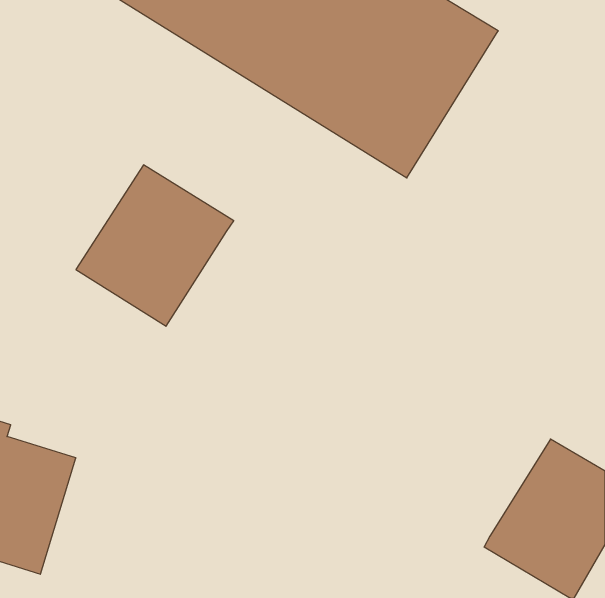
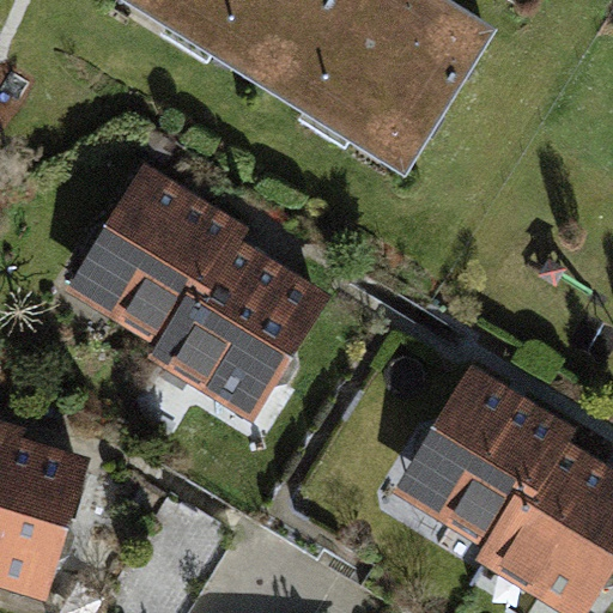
building: none -> [160,233,320,397]
building: none -> [405,374,564,541]

